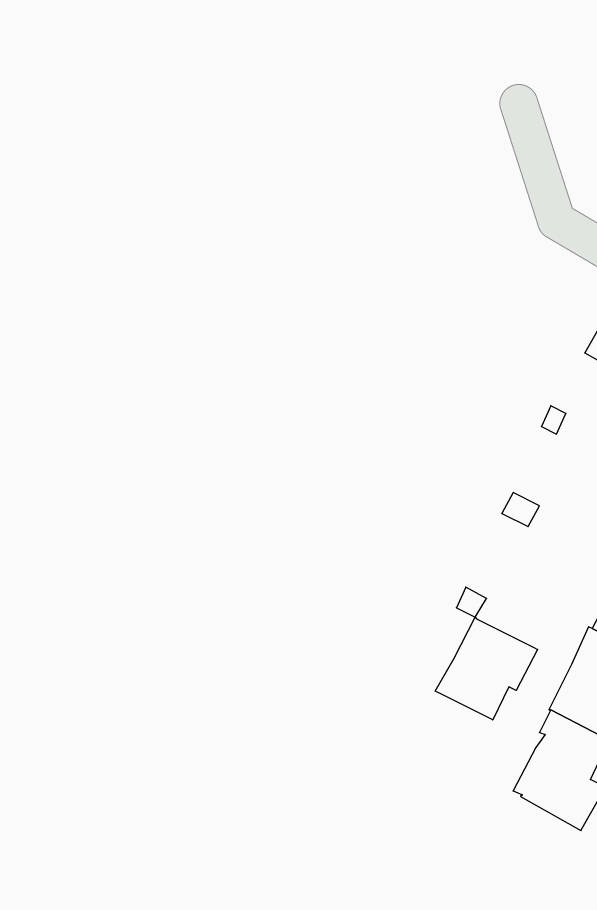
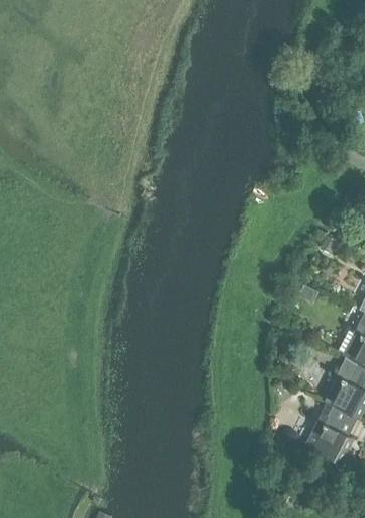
building: [435,617,538,720] -> none

